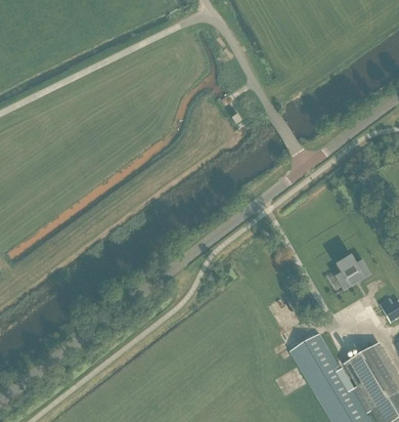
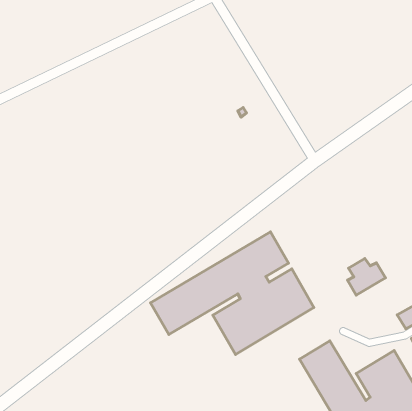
building: none -> [151,232,314,354]

